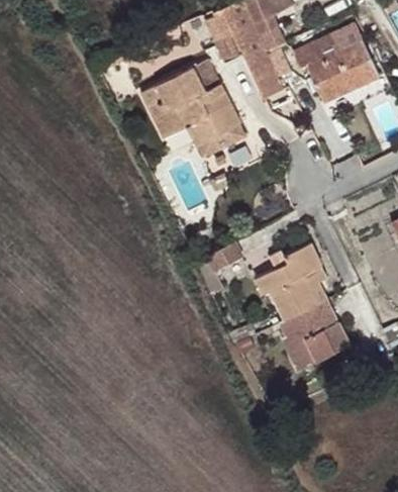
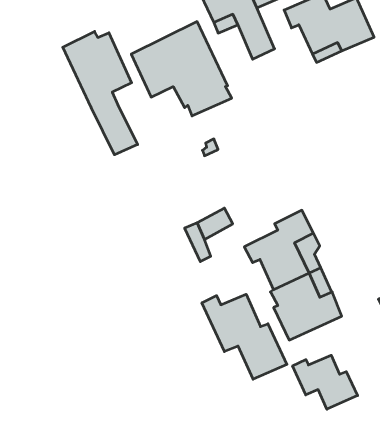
building: none -> [63,31,138,155]
building: none -> [202,294,287,379]
building: none -> [293,355,358,409]

